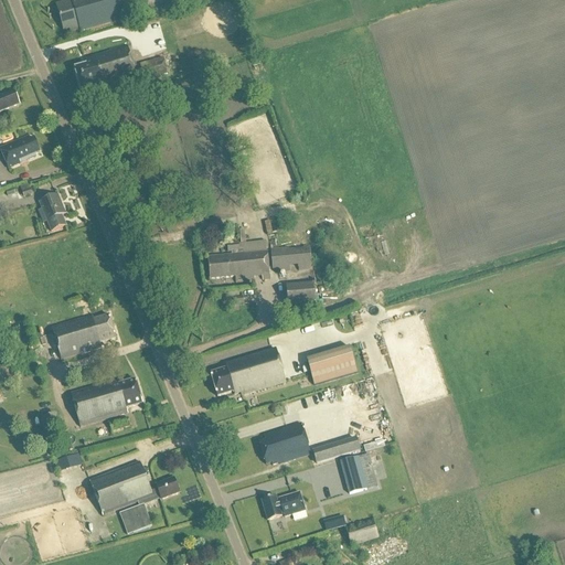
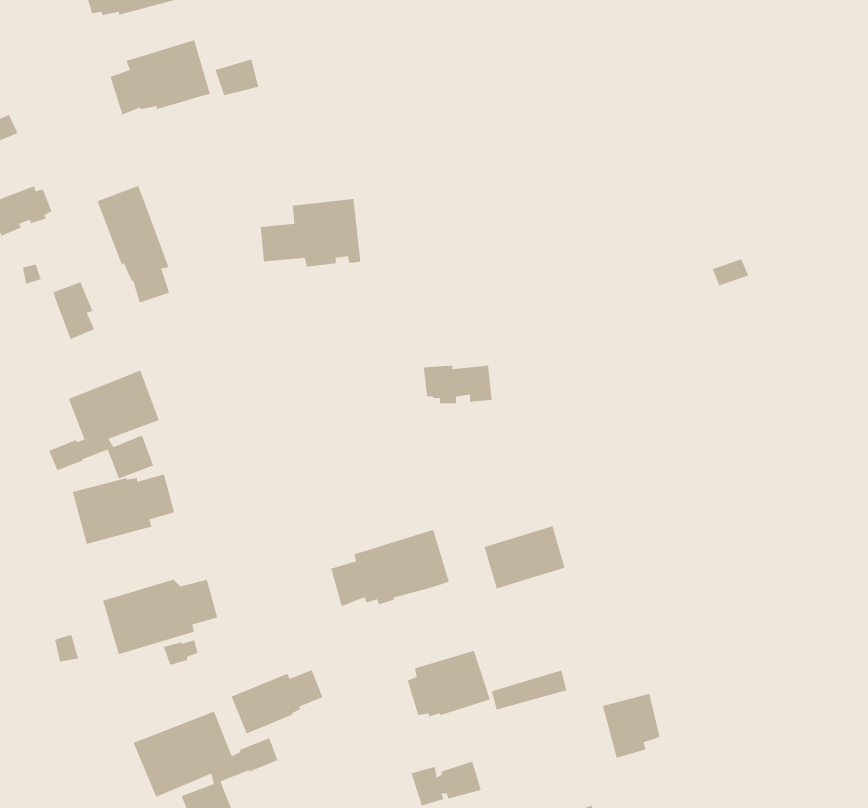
building: none -> [97,185,170,304]
building: [207,237,270,280] -> [260,198,361,268]
building: none -> [48,369,160,479]
building: [289,281,318,306] -> none
building: none -> [230,669,323,735]
building: [340,451,376,492] -> [602,693,661,759]

